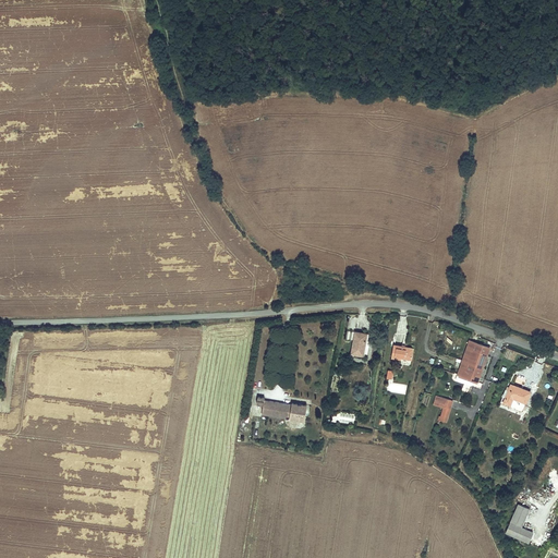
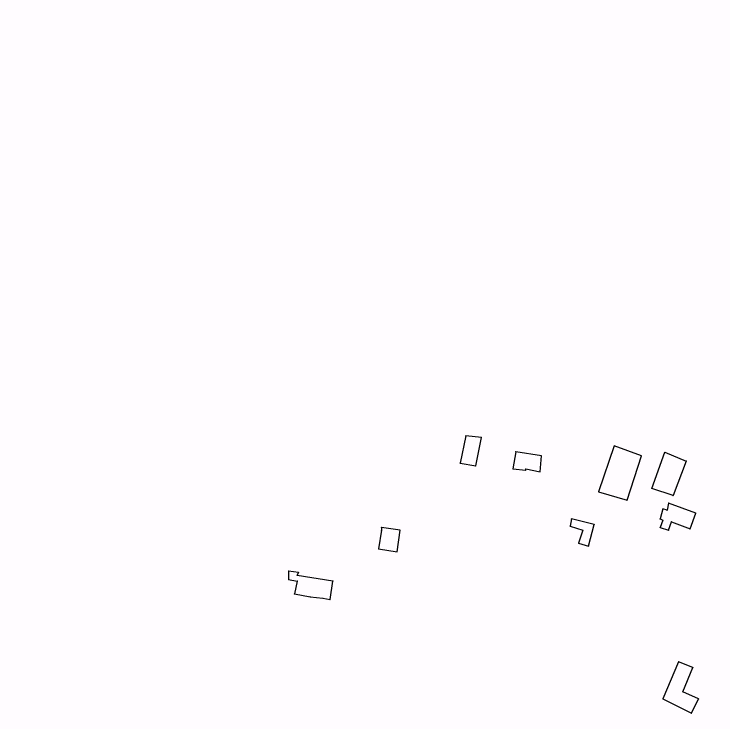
building: none -> [652,452,686,496]
building: [257,398,291,420] -> [289,571,333,600]

